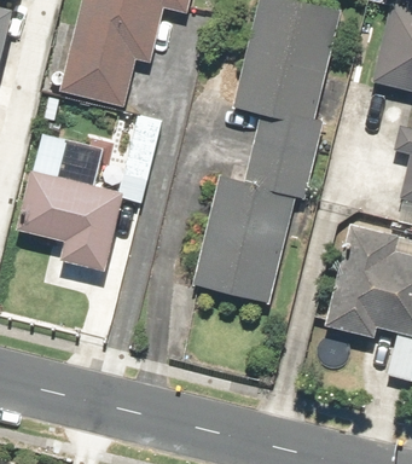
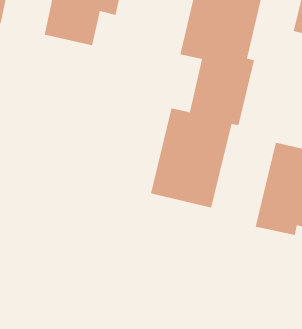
building: [18,115,164,272] -> none

